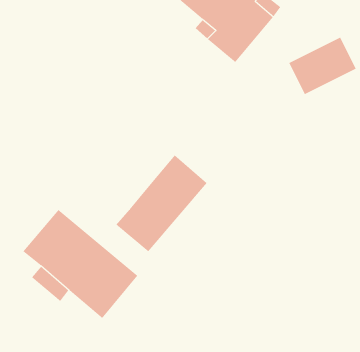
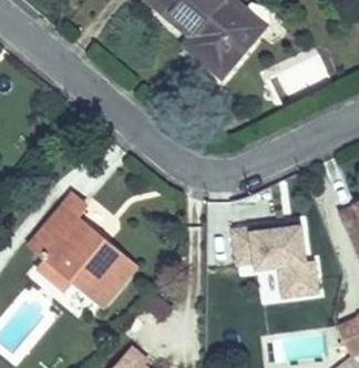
building: [115,155,208,252] -> none
building: none -> [229,222,319,304]

